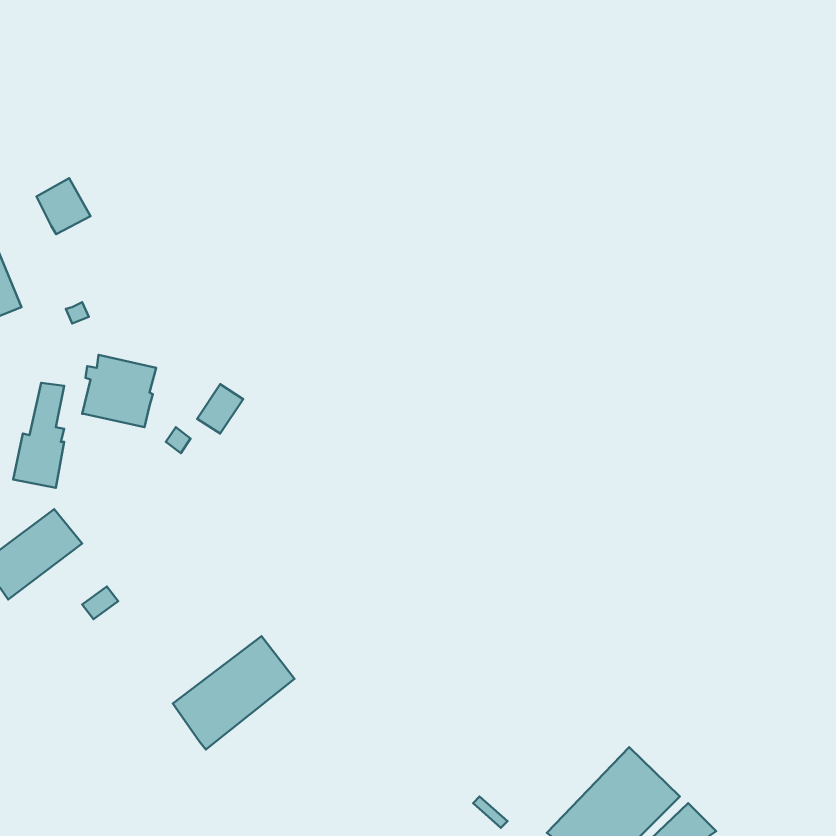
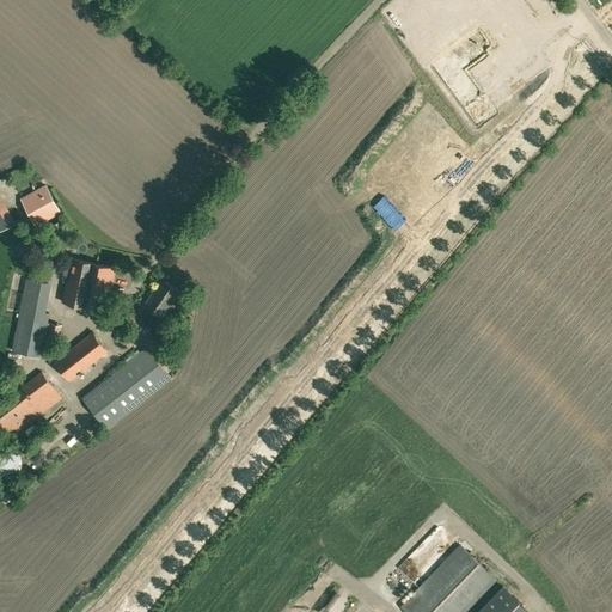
building: [36,178,91,234] -> [19,186,59,227]
building: none -> [51,333,105,384]
building: [173,636,294,749] -> [80,349,169,432]

